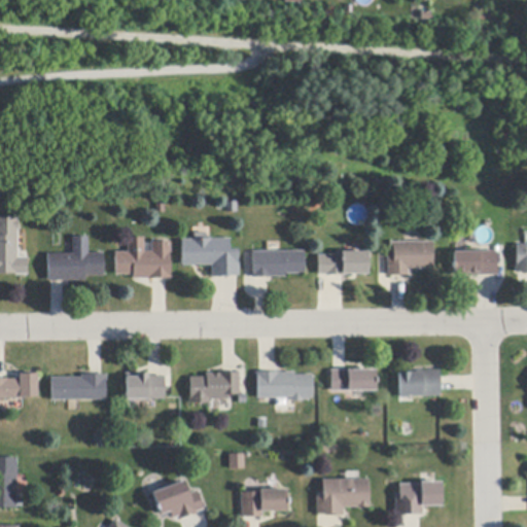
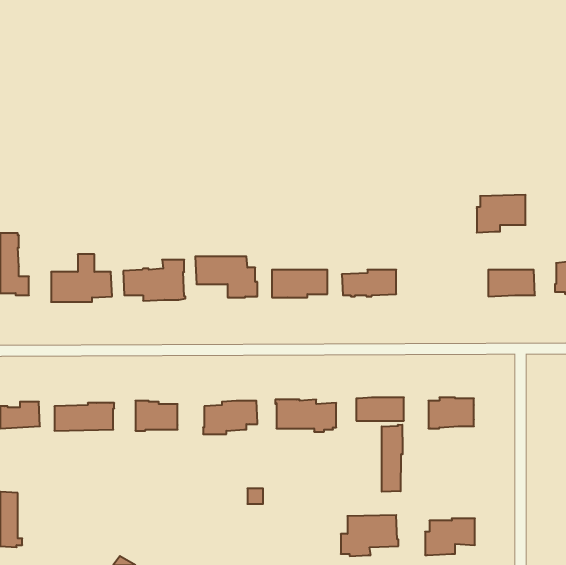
building: [388,240,433,275] -> [477,195,526,233]
building: none -> [382,425,403,492]
building: [152,480,204,518] -> none
building: [242,488,288,517] -> none

